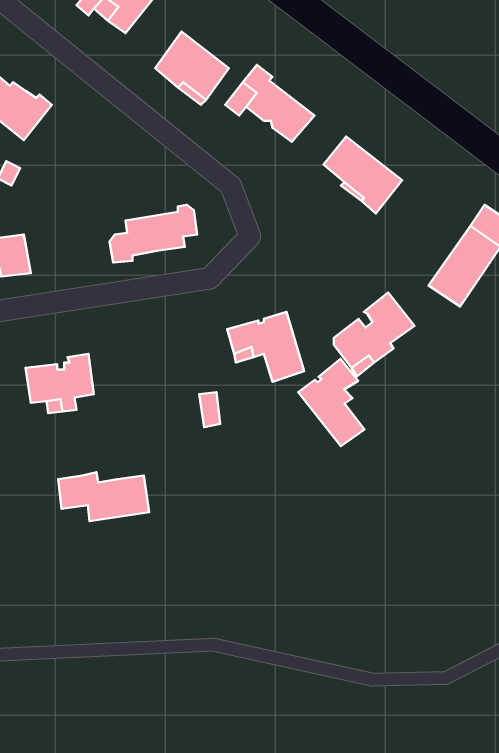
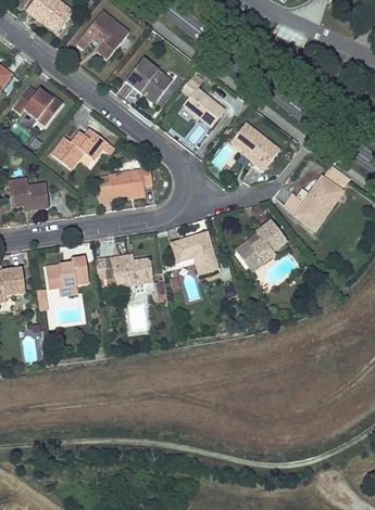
building: none -> [51,128,114,168]
building: [298,359,364,446] -> none
building: [58,472,149,521] -> [97,255,153,285]

